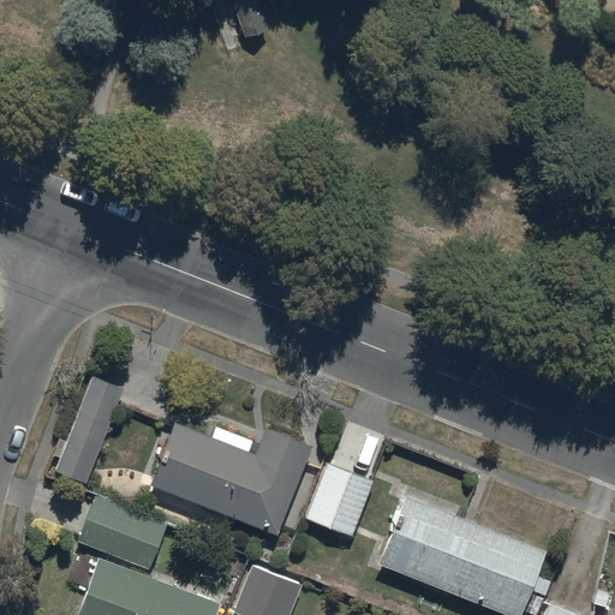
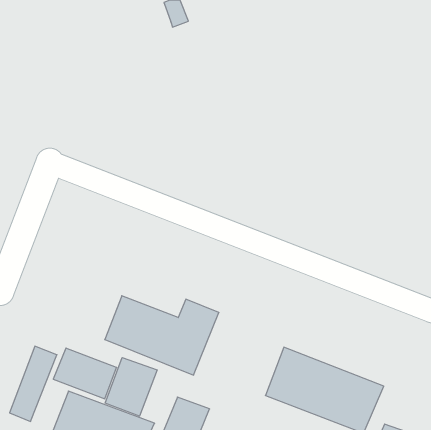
building: [56,377,124,484] -> [10,346,57,421]
building: [306,464,375,537] -> none
building: none -> [105,358,157,416]

